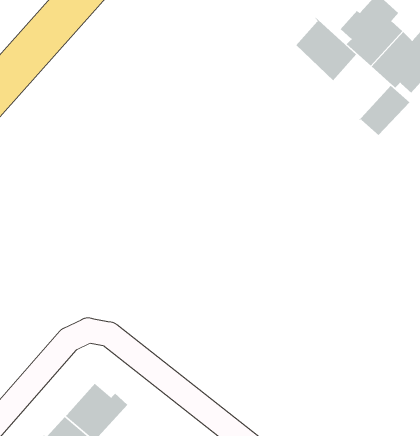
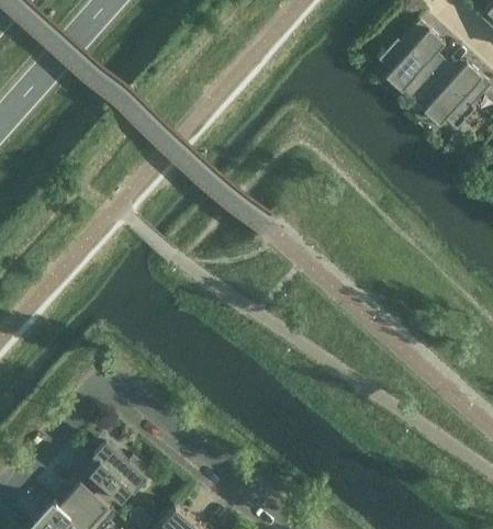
building: [295,16,357,81] -> none
building: [357,85,410,136] -> none

